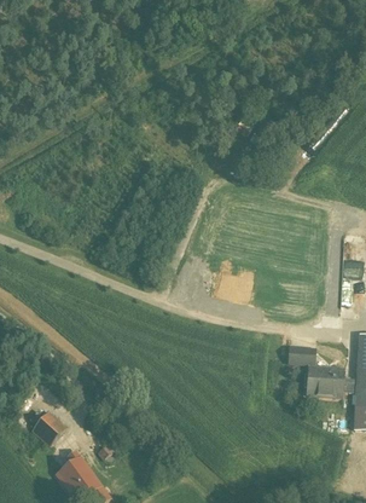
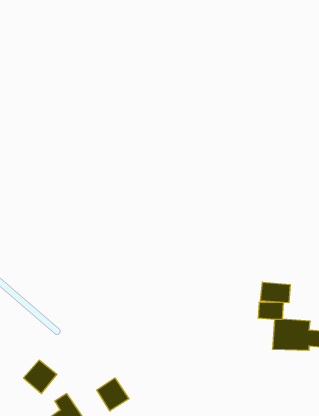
building: none -> [260,282,290,303]
building: none -> [97,378,129,411]

